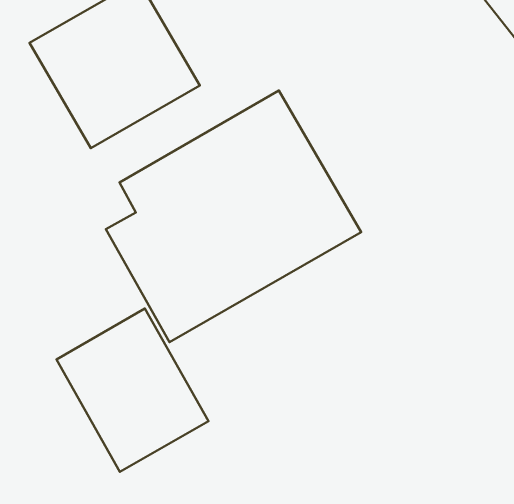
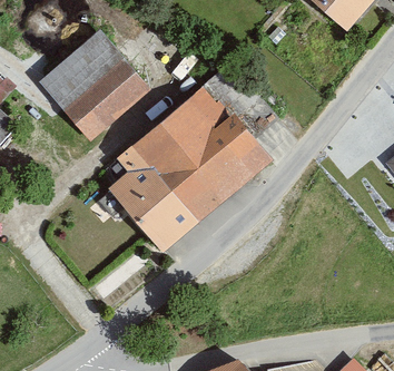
building: [56,309,209,472] -> none

